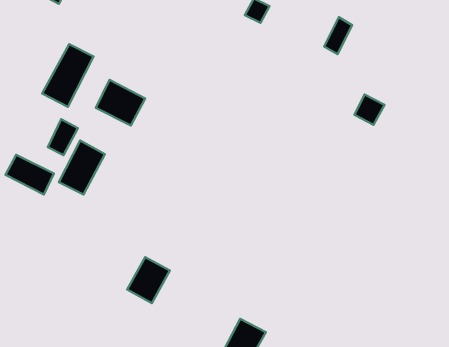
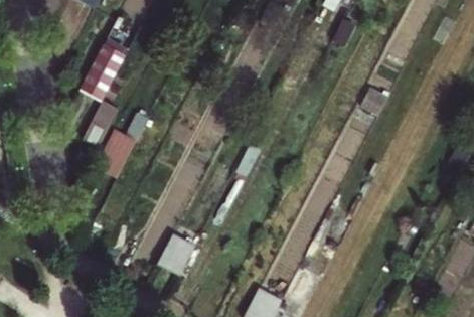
building: [96,80,145,126] -> none
building: [6,155,54,195] -> none

